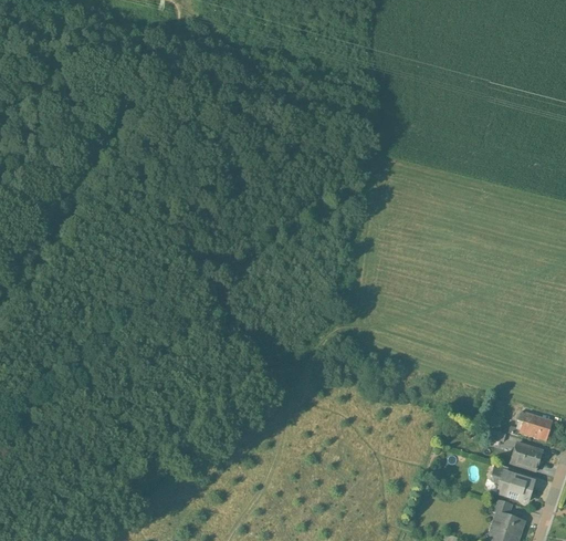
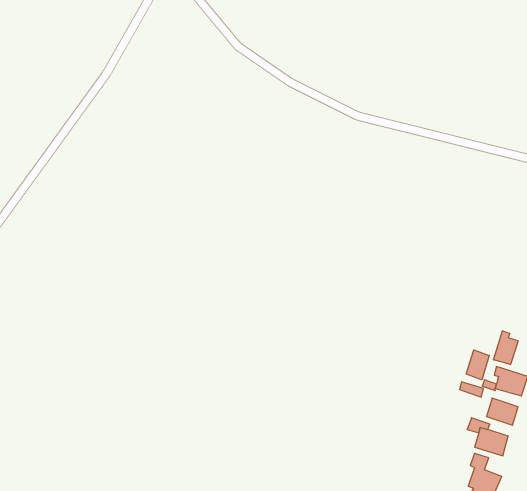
building: none -> [494,331,518,365]
building: none -> [466,350,489,380]

